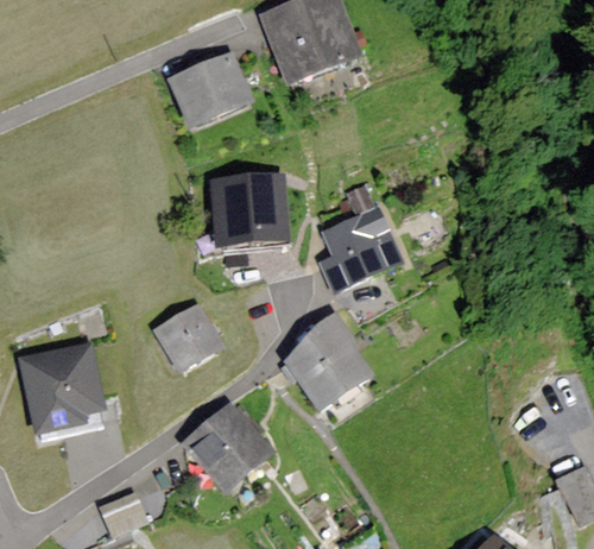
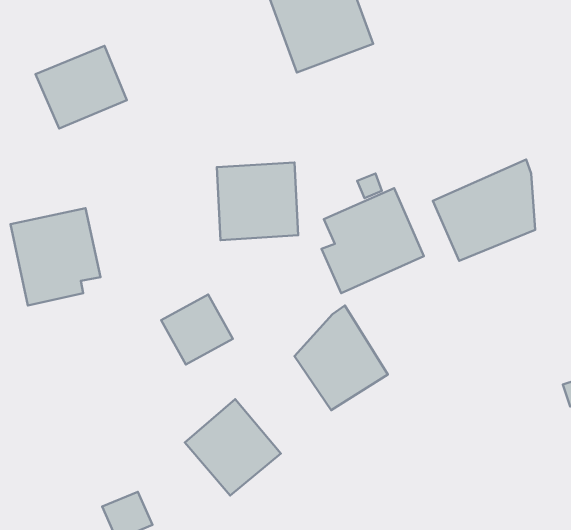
building: [166,49,254,128] -> [36,46,127,128]
building: none -> [433,160,535,261]
building: [17,341,103,435] -> [10,208,100,306]

